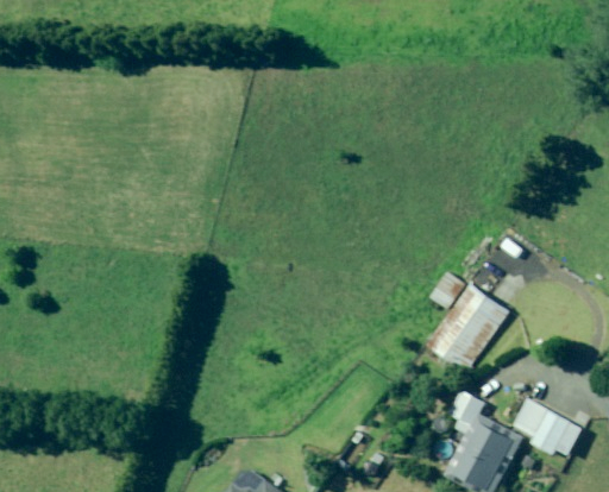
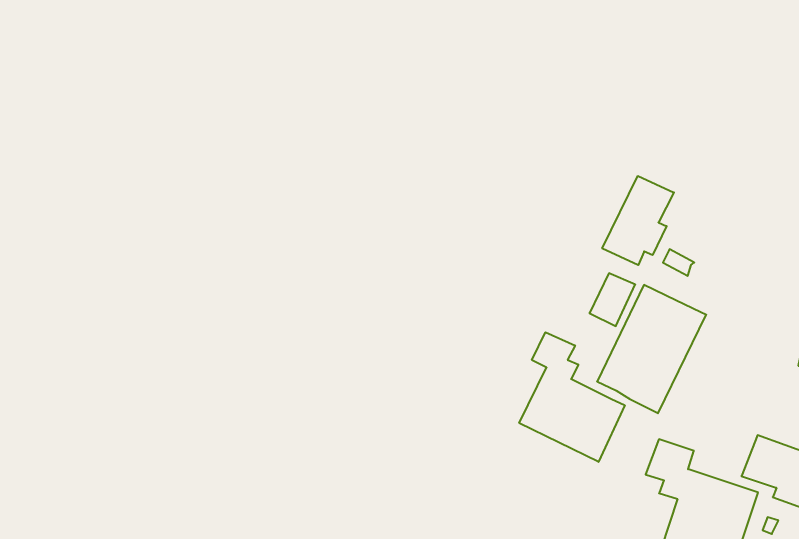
building: none -> [602,176,674,265]
building: none -> [519,332,625,462]

